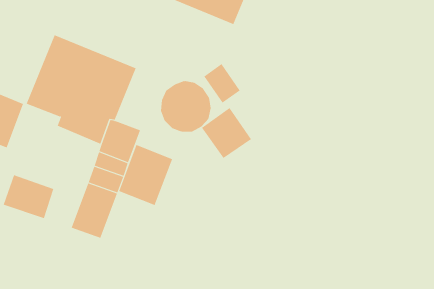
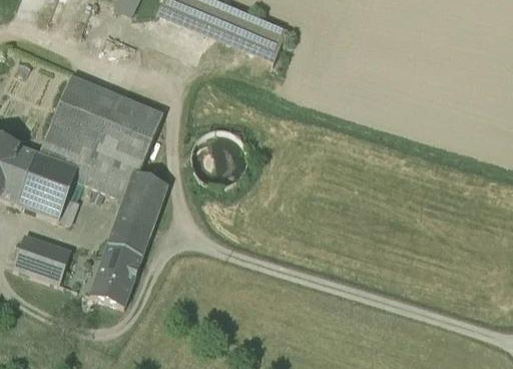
building: [203,63,241,104] -> none
building: none -> [17,152,78,223]
building: [201,107,252,159] -> none
building: [118,144,173,206] -> none

